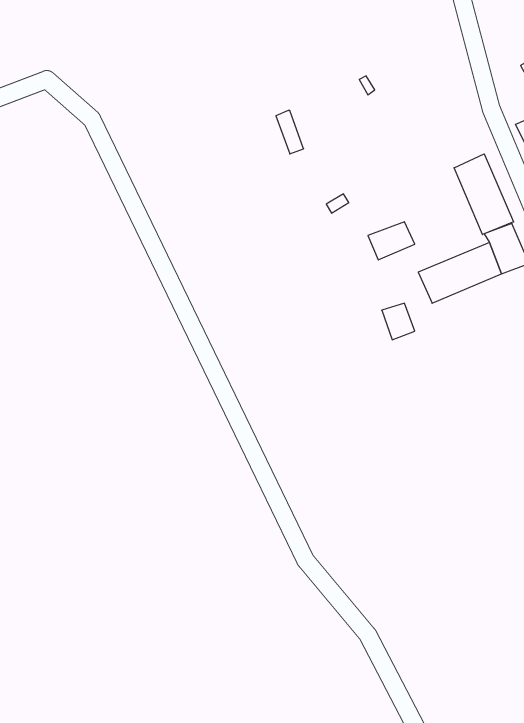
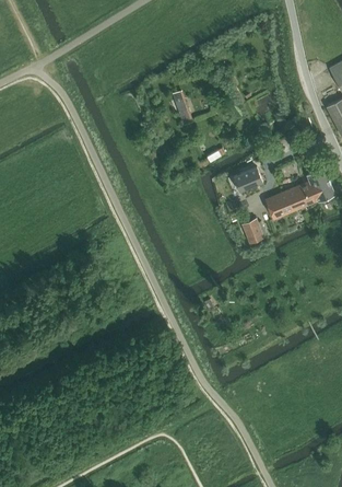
building: [454,154,514,235] -> none

